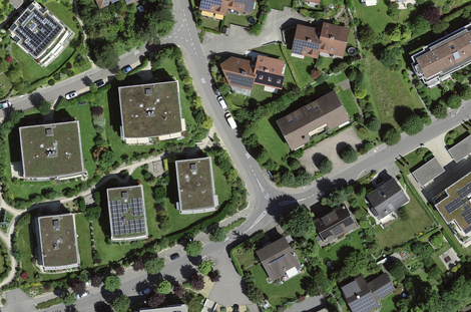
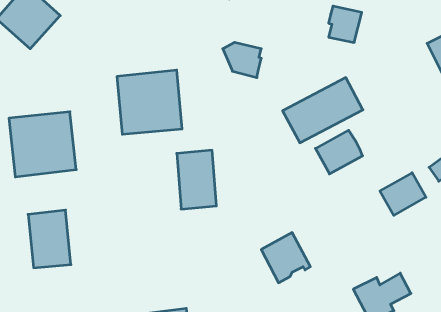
building: [290,23,321,58] -> none
building: [252,53,284,88] -> none
building: [105,182,145,235] -> none
building: [311,202,355,243] -> [315,130,363,174]

